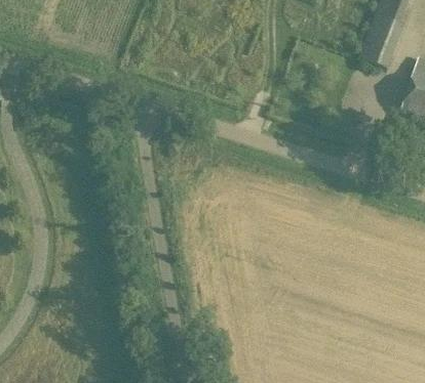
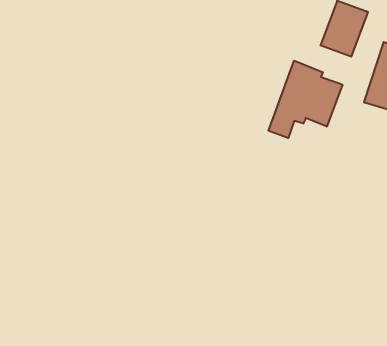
building: none -> [268,61,342,138]

